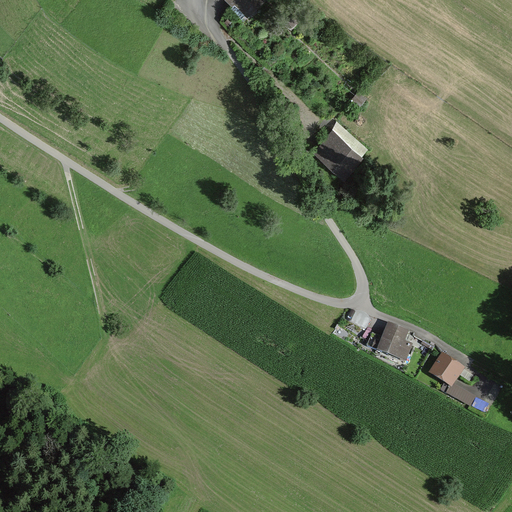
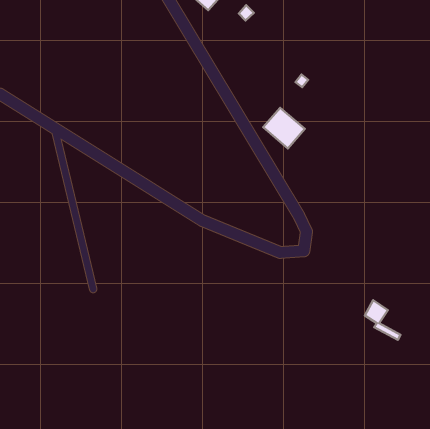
building: [383,323,411,356] -> none

